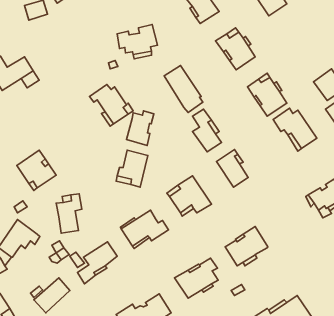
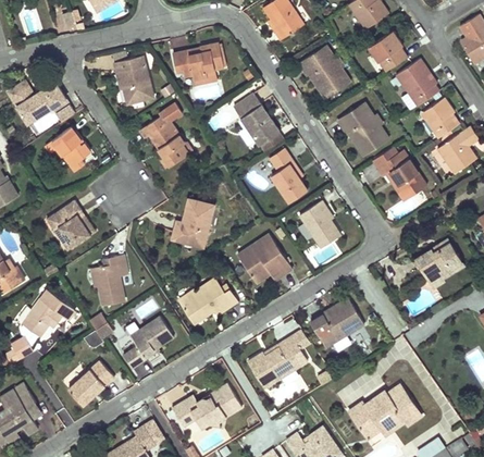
building: none -> [368,32,407,72]
building: none -> [112,55,153,104]
building: none -> [394,58,439,111]
building: none -> [46,127,90,170]
building: [126,111,154,146] -> none

